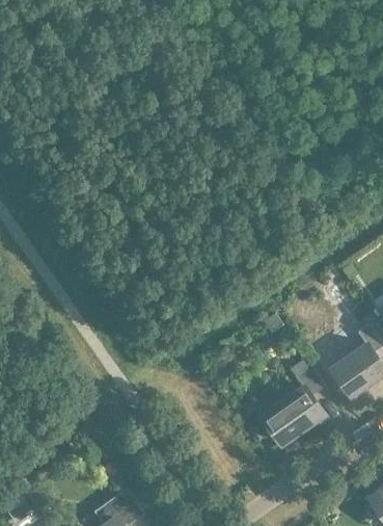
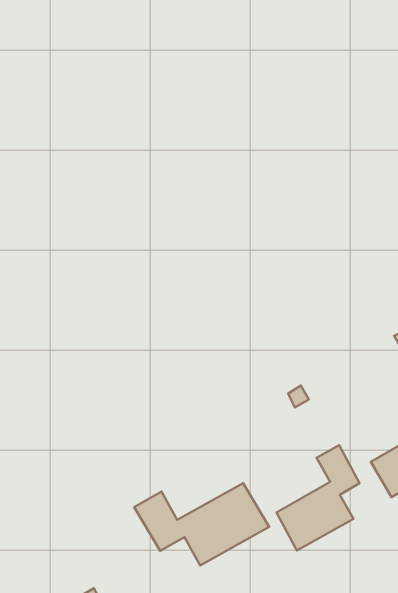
building: none -> [134,483,269,566]

